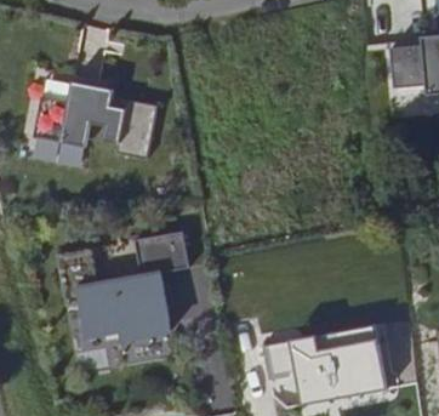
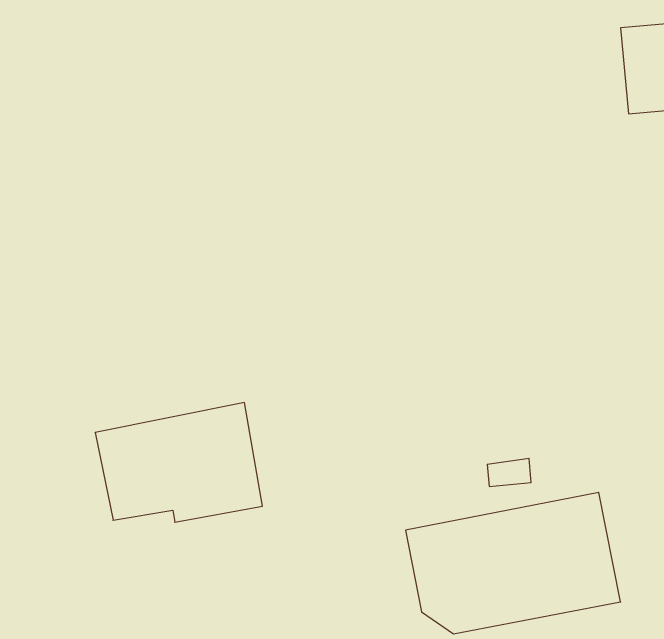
building: [33,79,158,158] -> none
building: [135,230,188,269] -> none

